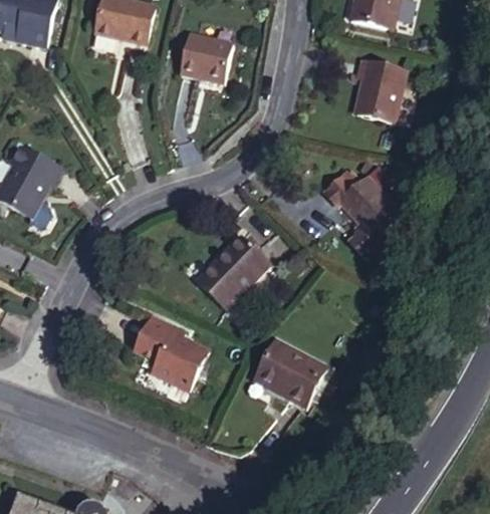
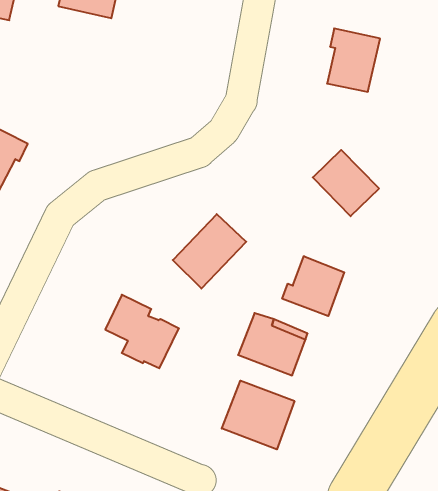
building: [176,31,228,82] -> none
building: none -> [282,256,344,316]
building: none -> [222,381,294,449]

